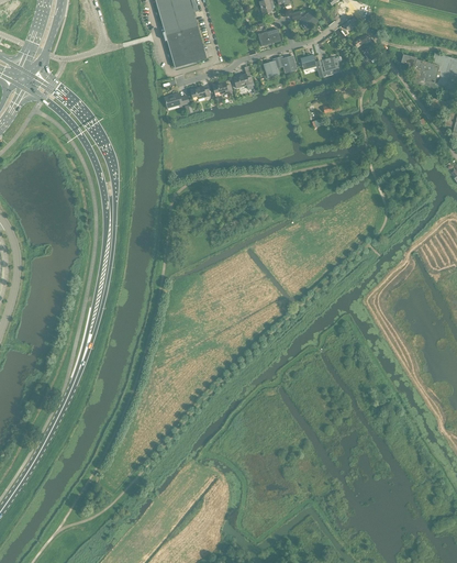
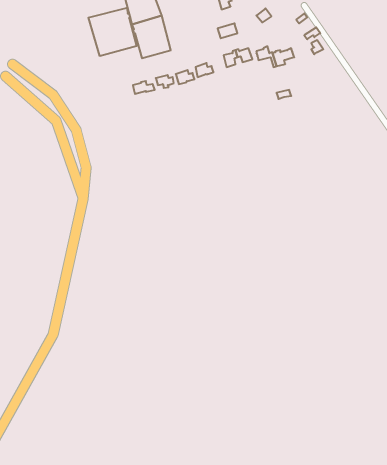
building: none -> [88,8,137,56]

